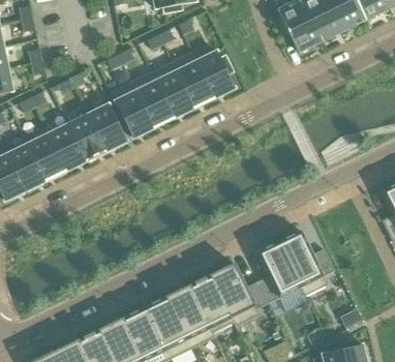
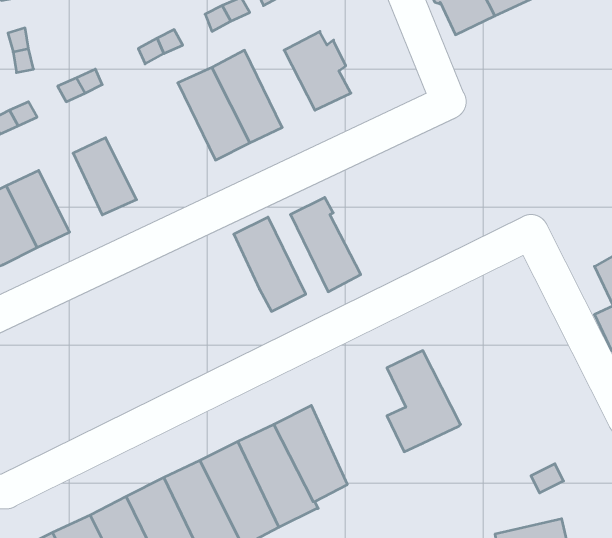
building: [171,51,213,108] -> [290,197,361,292]
building: [110,81,153,138] -> [234,217,306,311]
building: [87,103,126,151] -> none
building: [47,123,85,171] -> none
building: [278,231,334,296] -> none
building: [211,264,267,327] -> none

